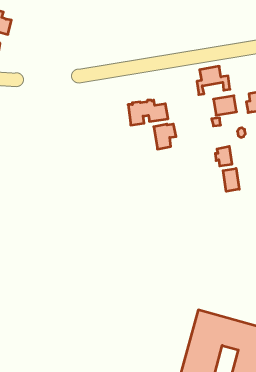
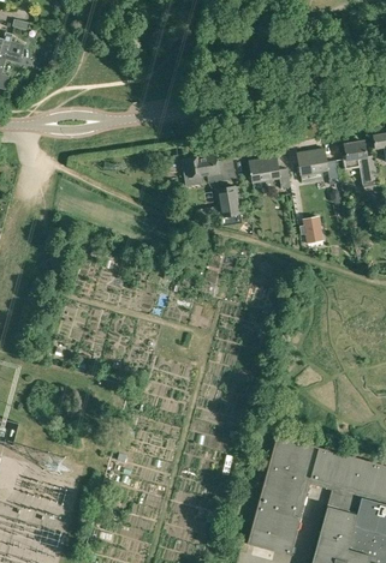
building: [197,66,230,95] -> [245,155,290,193]
building: [223,168,239,191] -> none

